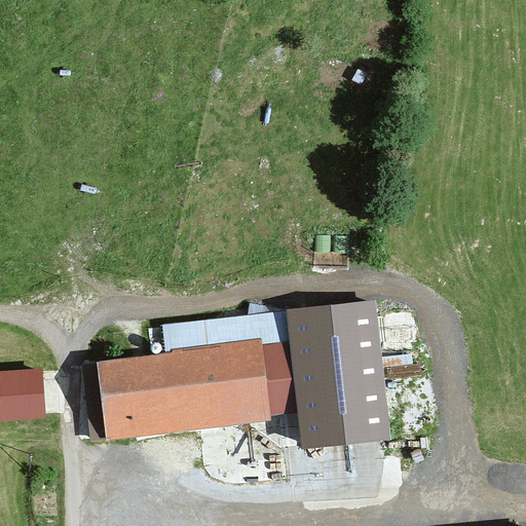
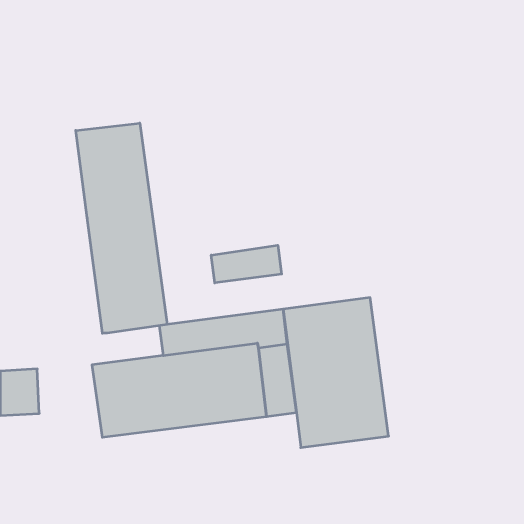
building: none -> [76,123,167,333]
building: none -> [211,245,282,283]

